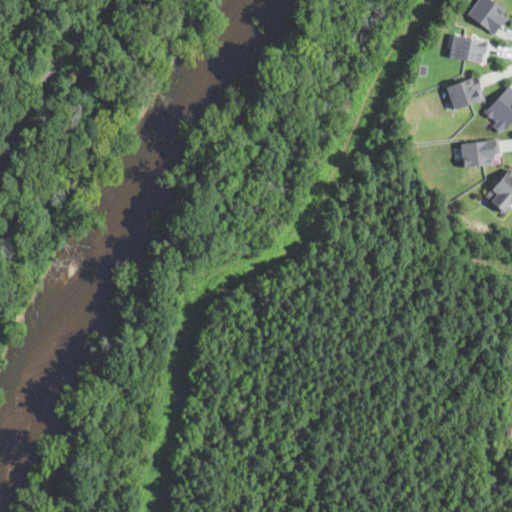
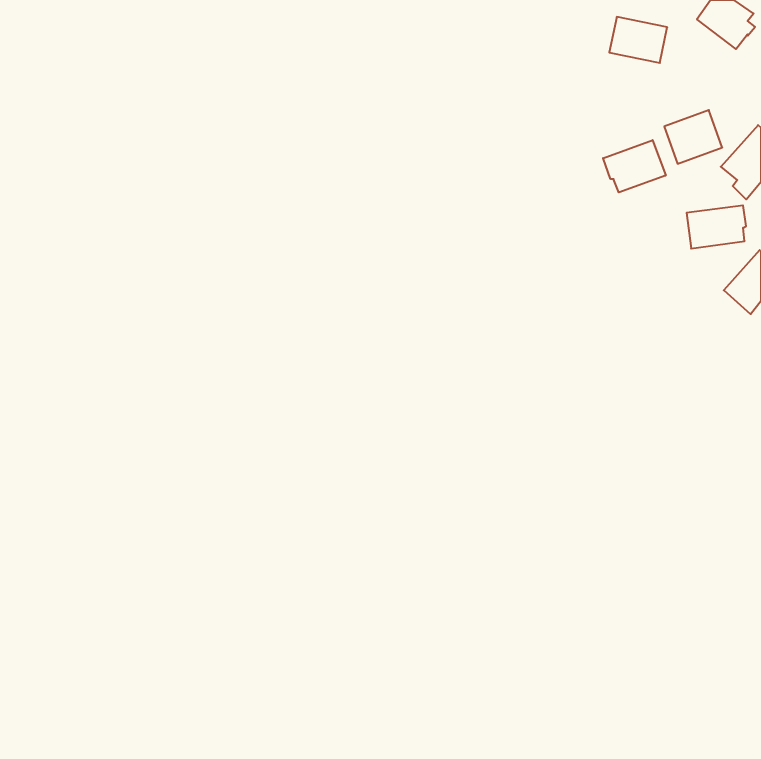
building: [450,33,489,64] -> [609,17,667,63]
building: none -> [603,140,666,192]

